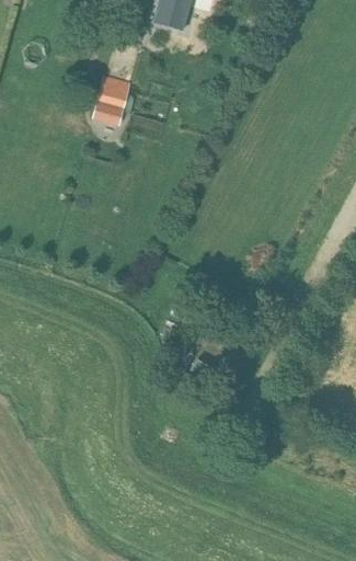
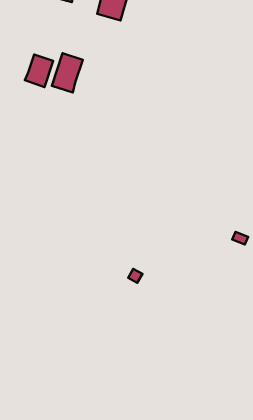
building: none -> [25,54,53,87]

